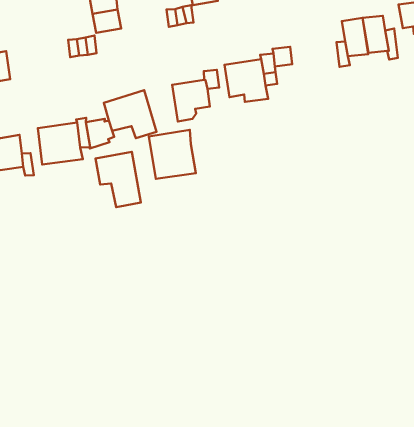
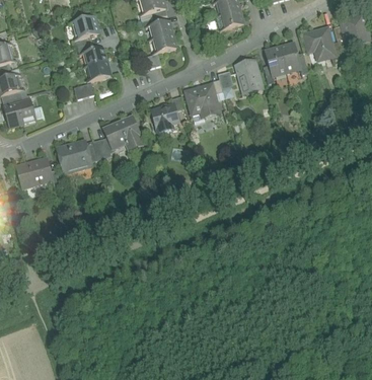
building: none -> [236,60,261,90]
building: [149,130,196,179] -> none
building: [95,152,141,207] -> none

